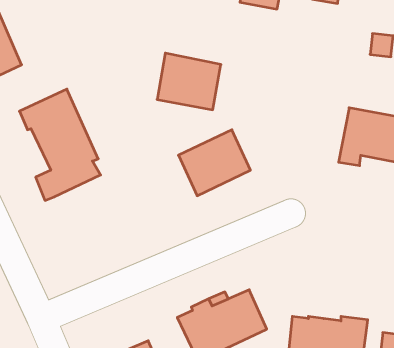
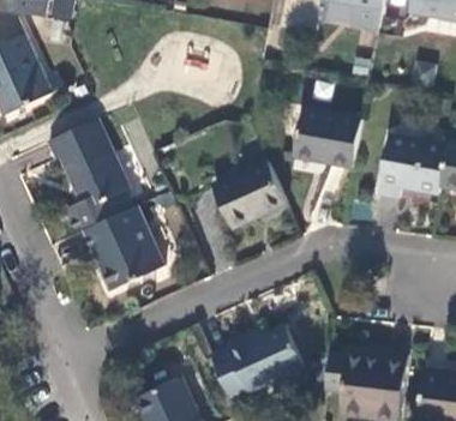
building: [157,53,221,110] -> [294,108,360,167]
building: none -> [84,205,164,288]

